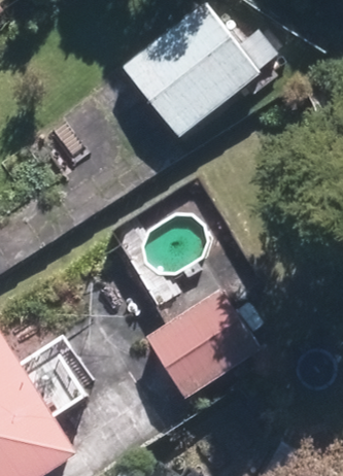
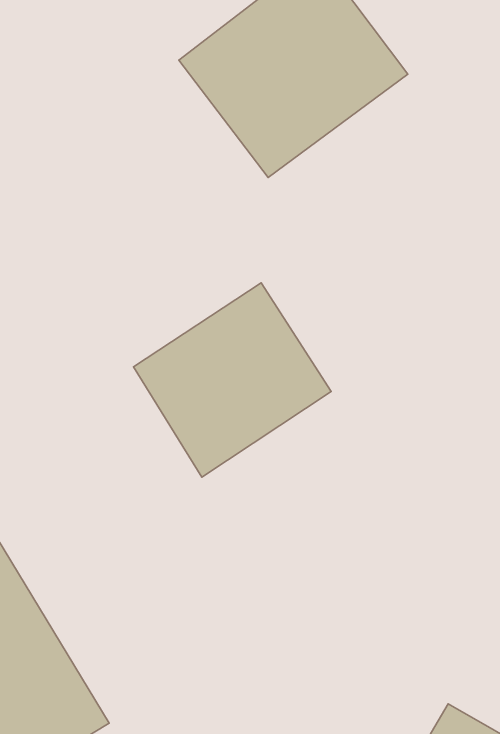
building: [146,292,263,406] -> [134,283,331,477]

